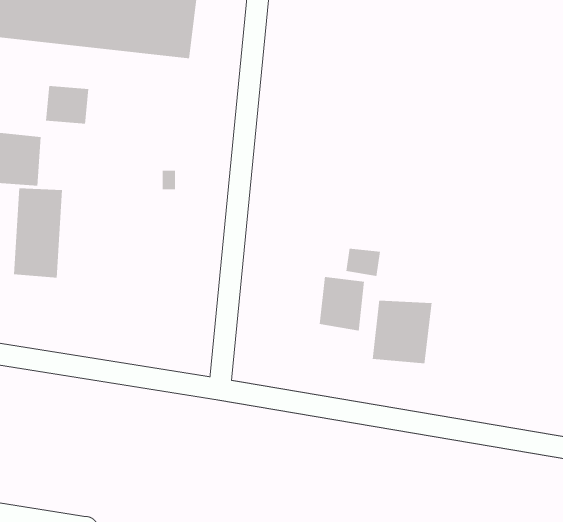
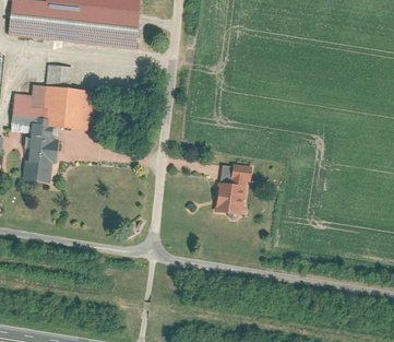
building: none -> [43,87,88,130]
building: [372,300,432,364] -> none

